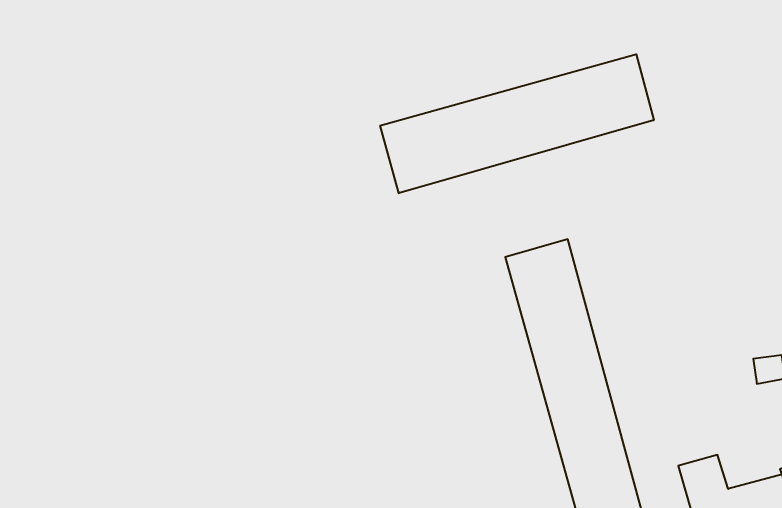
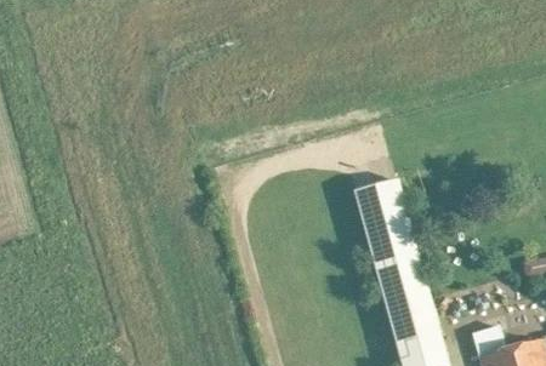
building: [380,54,654,193] -> none

